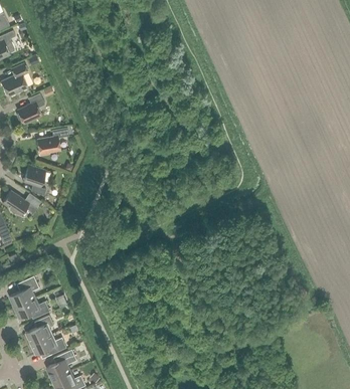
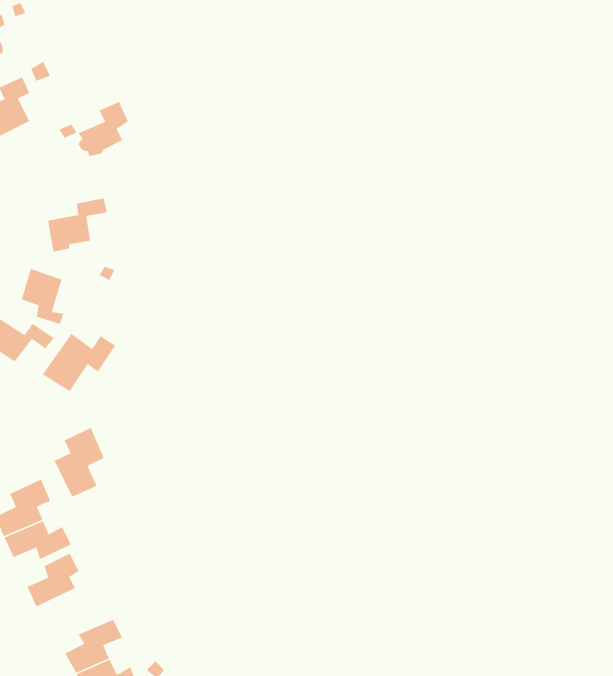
building: [16,92,43,123] -> [78,101,129,158]
building: none -> [42,333,116,392]
building: none -> [53,427,105,498]
building: [30,334,65,355] -> none

